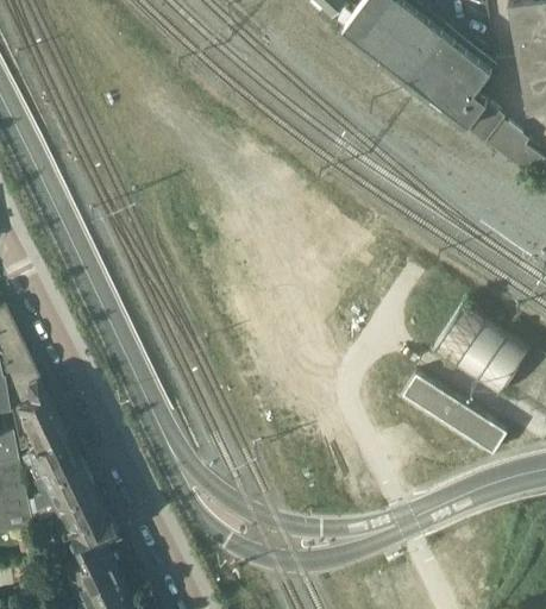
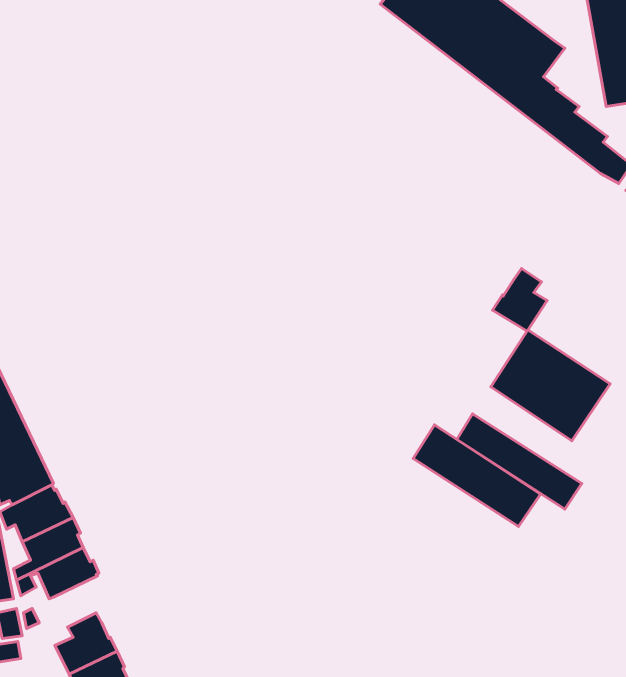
building: none -> [492,269,547,331]
building: none -> [413,425,540,526]
building: [56,507,117,550] -> none

